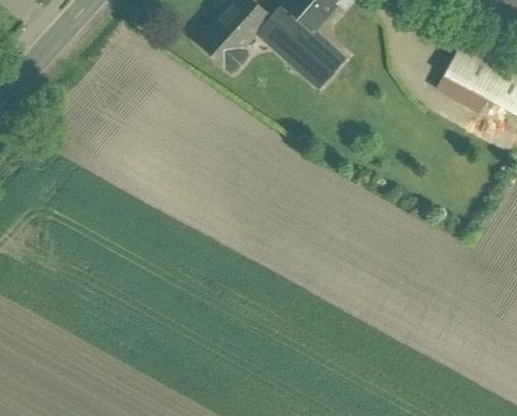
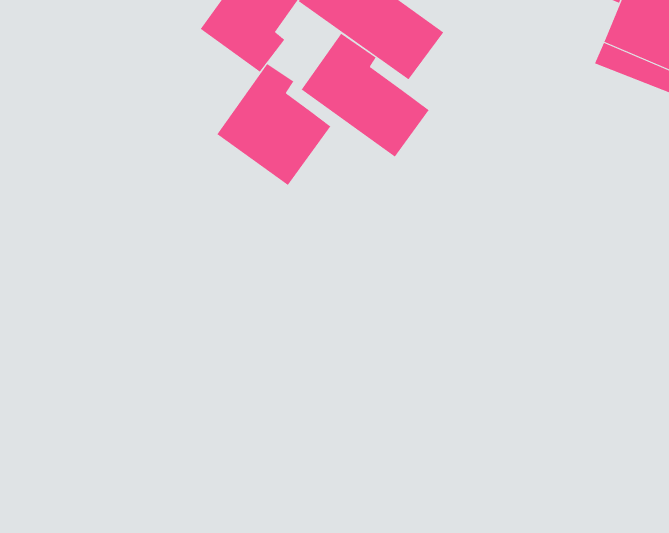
building: none -> [301,33,429,157]
building: none -> [216,63,331,186]

